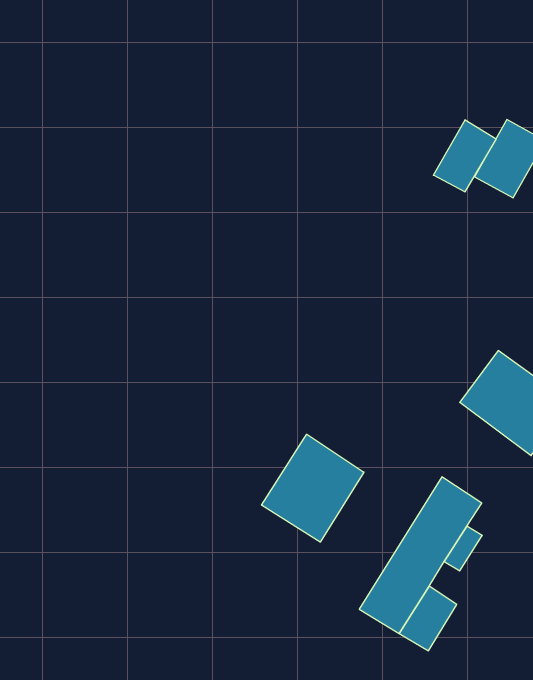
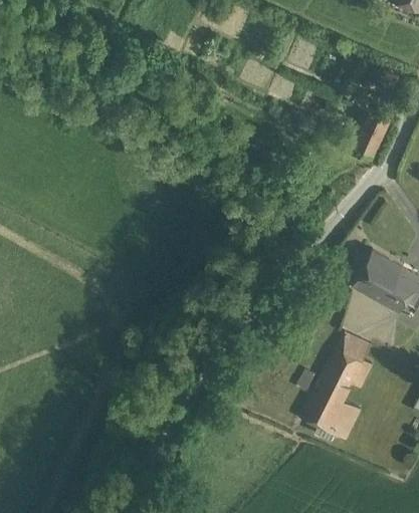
building: [433,120,496,192] -> none
building: [262,434,364,542] -> none

